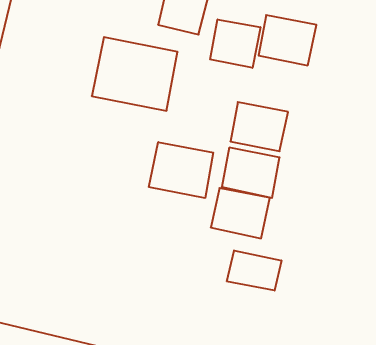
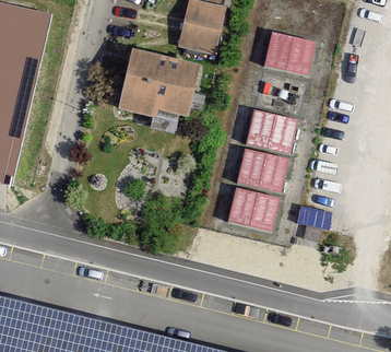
building: [210,19,260,68] -> none
building: [149,142,213,198] -> none
building: [227,250,281,291] -> none

